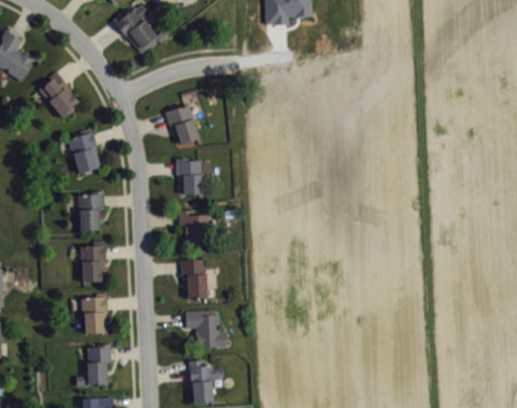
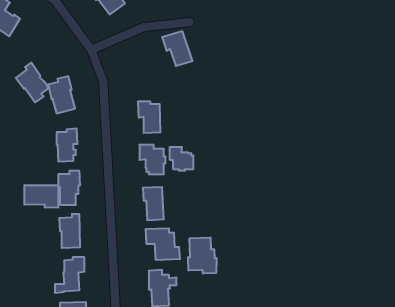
building: [39,71,79,118] -> [16,63,49,102]
building: [165,105,201,146] -> [162,31,193,66]
building: none -> [170,147,193,171]
building: none -> [24,185,58,208]
building: none -> [188,237,217,274]

